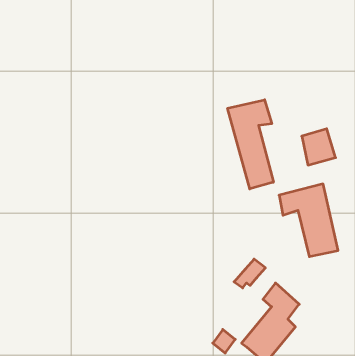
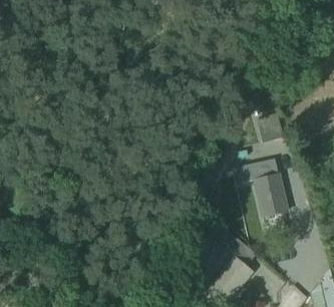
building: [228,100,273,189] -> none

